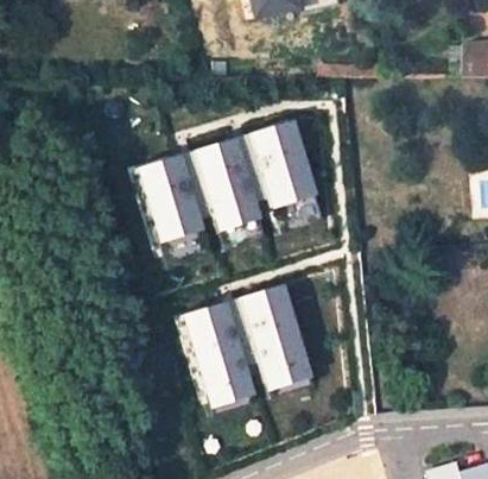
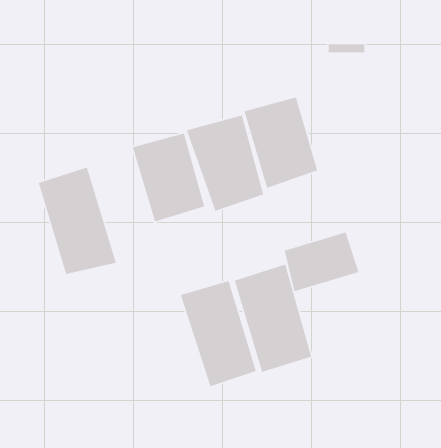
building: none -> [38,166,117,275]
building: none -> [284,231,359,292]

